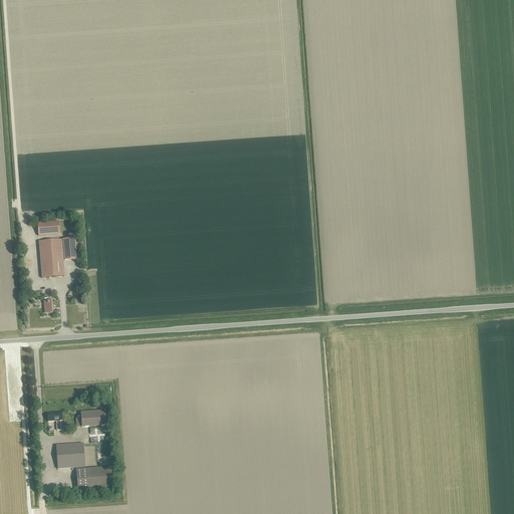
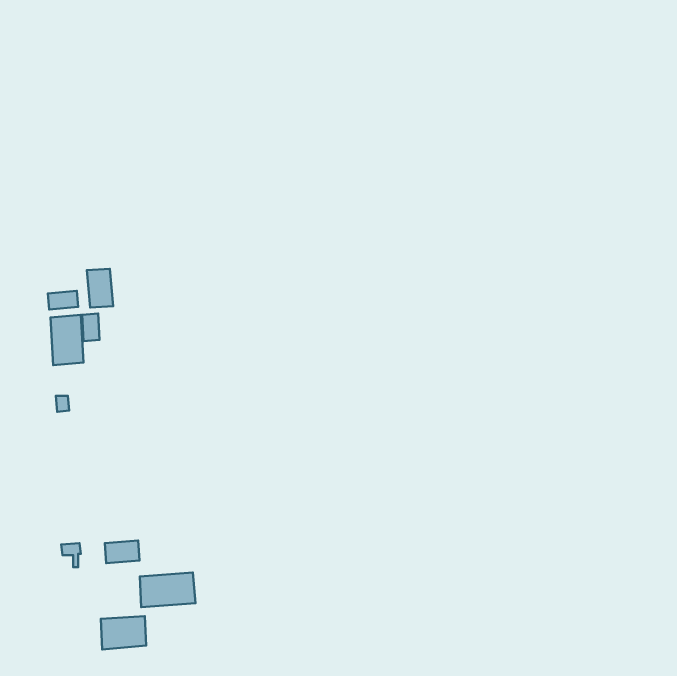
building: none -> [87,269,113,307]
building: [55,441,97,467] -> [140,572,196,607]

